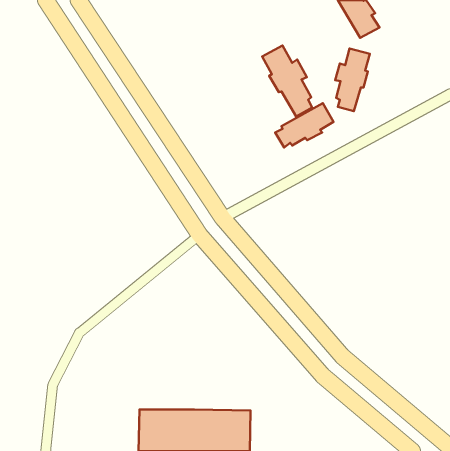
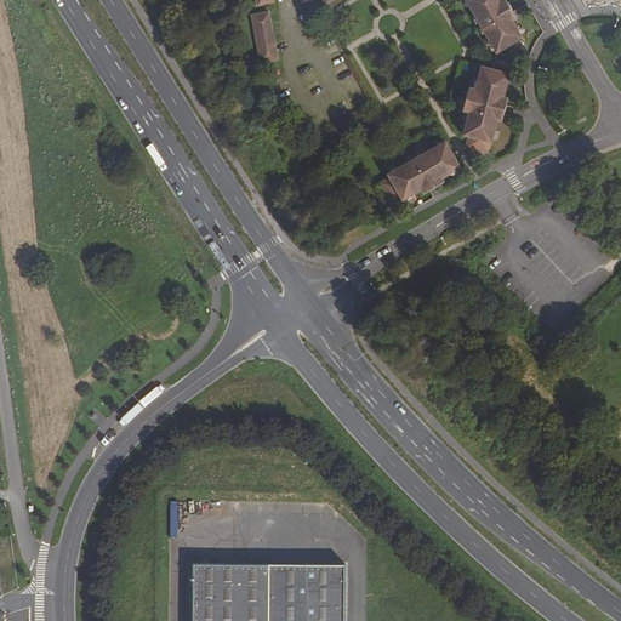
building: none -> [250,12,277,63]
building: [262,45,312,116] -> none

